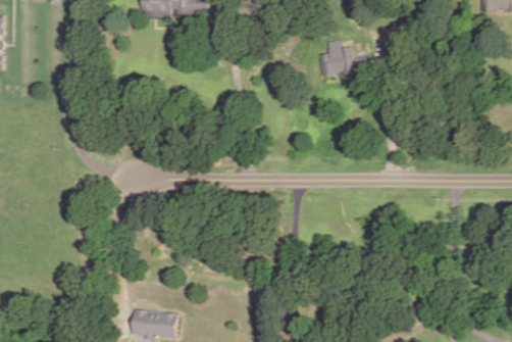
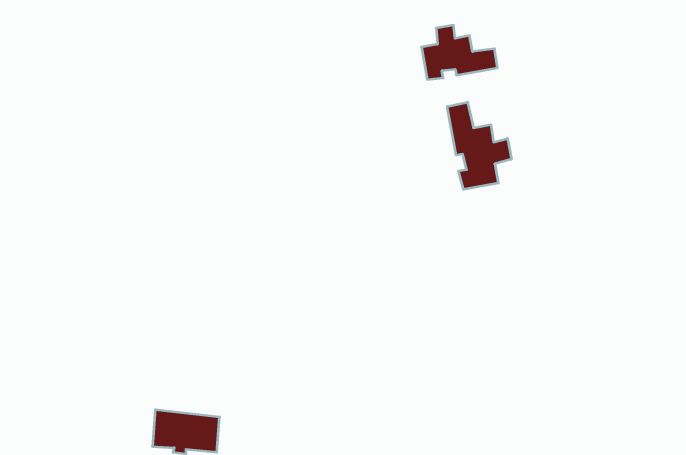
building: none -> [447,102,511,189]

